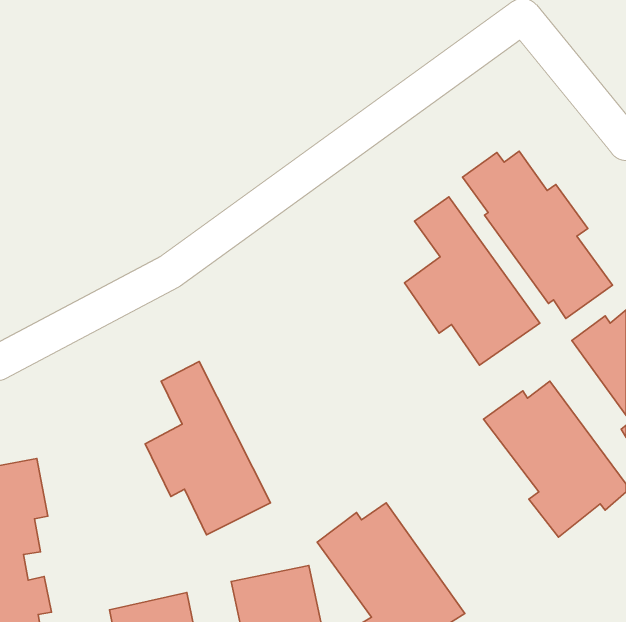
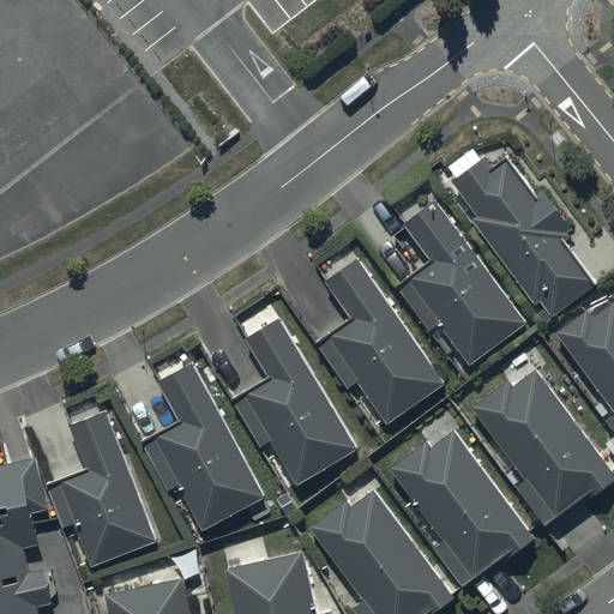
building: none -> [314,254,444,423]
building: none -> [229,317,356,483]
building: none -> [46,408,156,564]
building: none -> [391,435,534,590]

